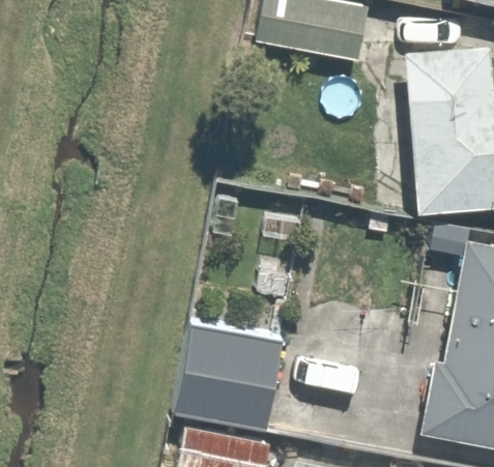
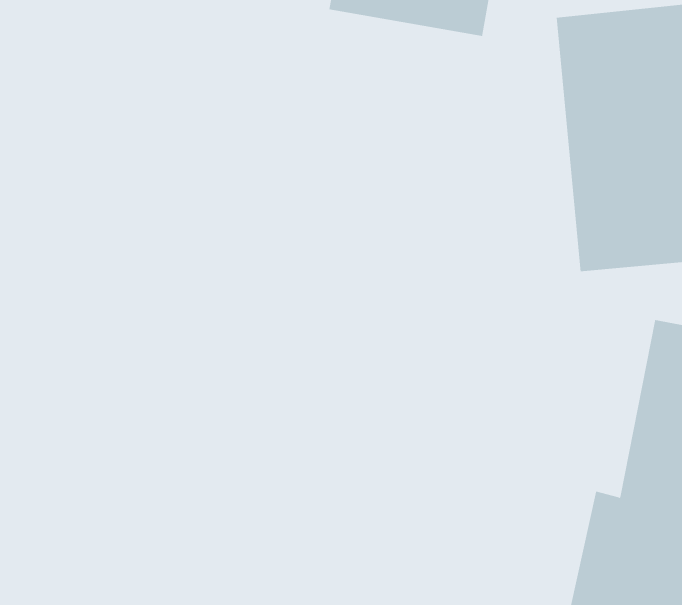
building: [173,321,281,425] -> none

